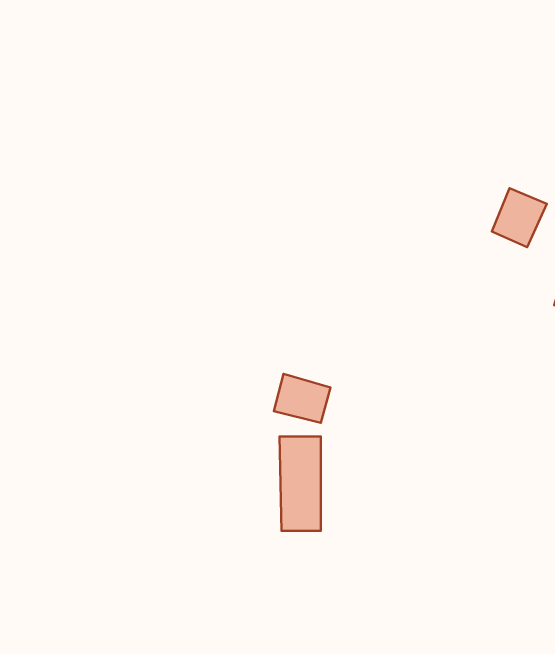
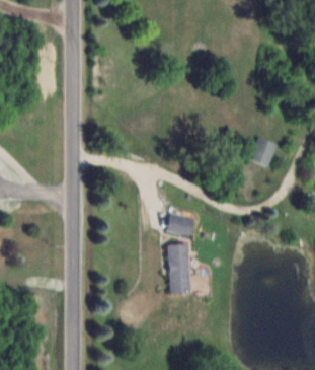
building: [492,188,547,247] -> [249,137,278,167]

